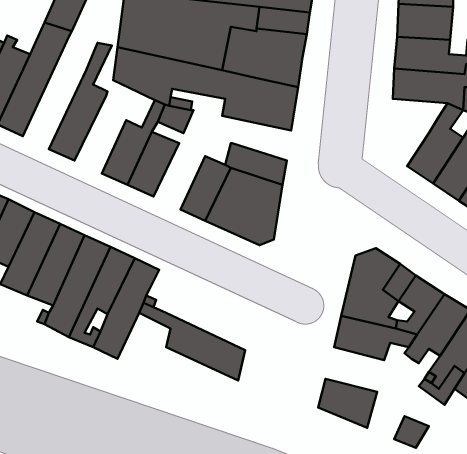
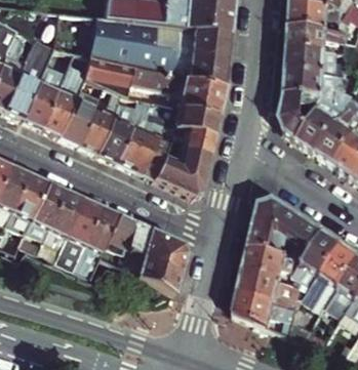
building: none -> [23,64,68,128]
building: none -> [59,90,101,146]
building: none -> [281,92,326,140]
building: none -> [156,104,214,136]
building: none -> [116,124,153,171]
building: none -> [113,214,187,272]
building: none -> [239,270,304,301]

